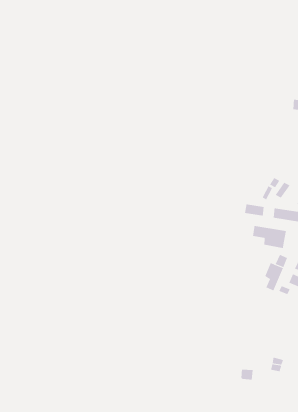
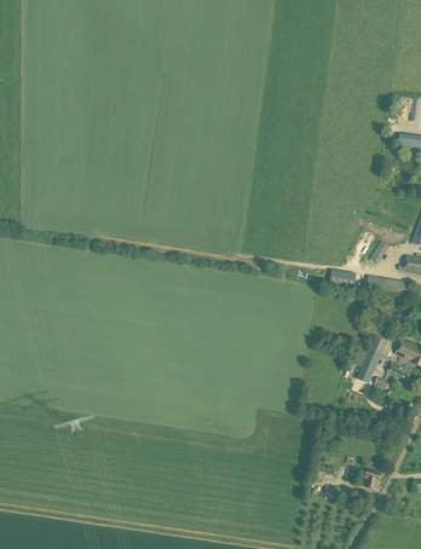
building: [252,225,287,249] -> none

